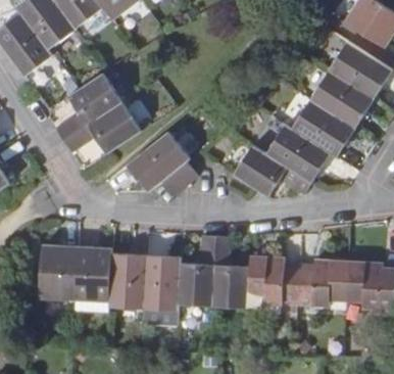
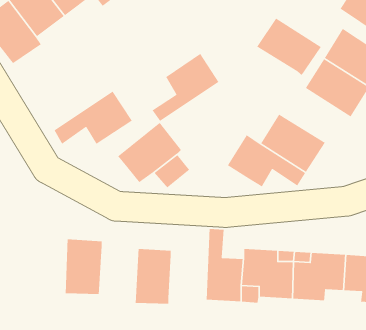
building: [55,73,121,140] -> [152,53,219,122]
building: [290,99,354,156] -> [256,18,322,76]
building: [177,235,215,307] -> none
building: [39,245,77,300] -> none
building: [108,253,146,310] -> none

